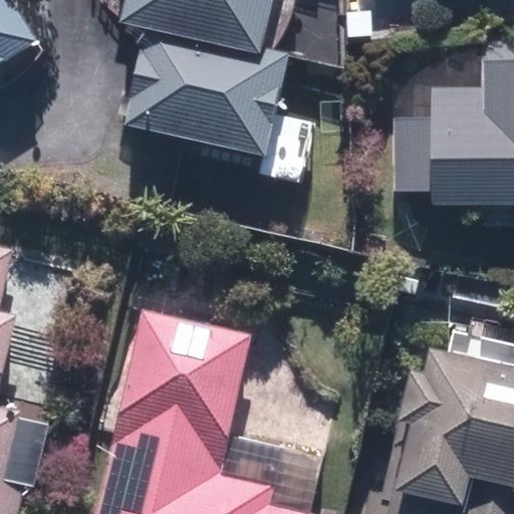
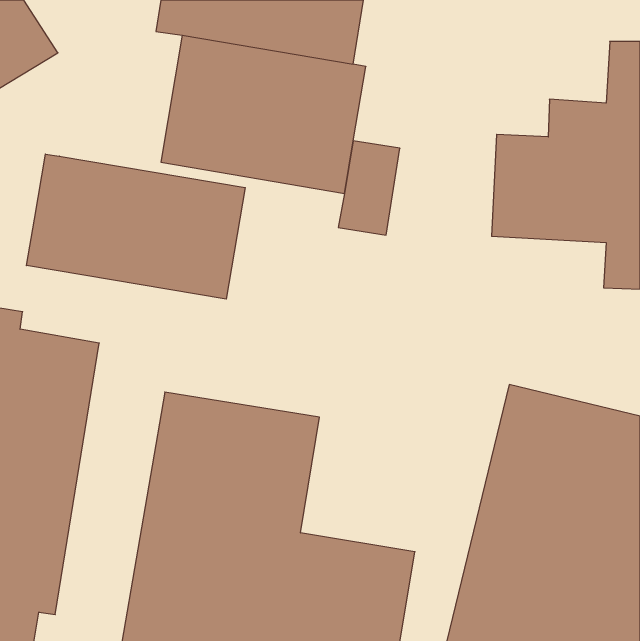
building: none -> [26,154,245,299]

